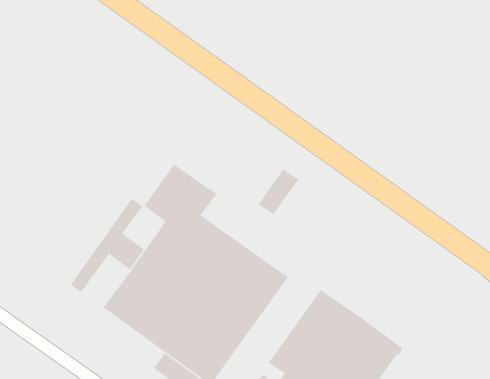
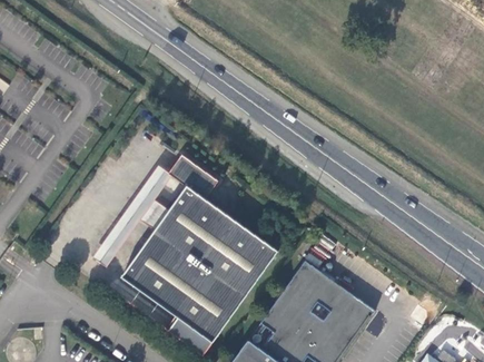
building: [257,168,299,215] -> none

